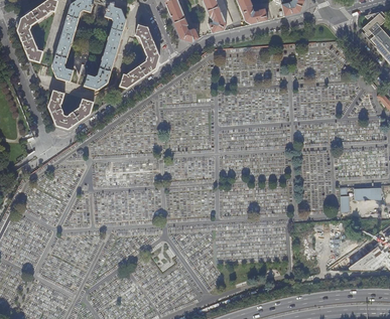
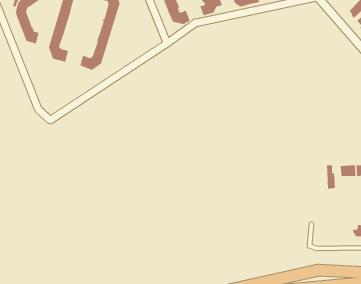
building: [120,23,159,87] -> none
building: [47,89,94,128] -> none

